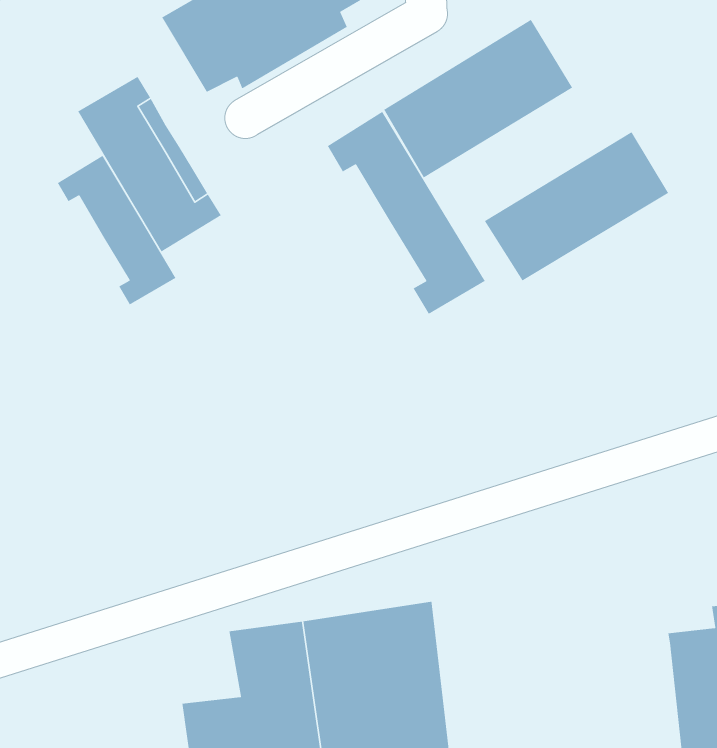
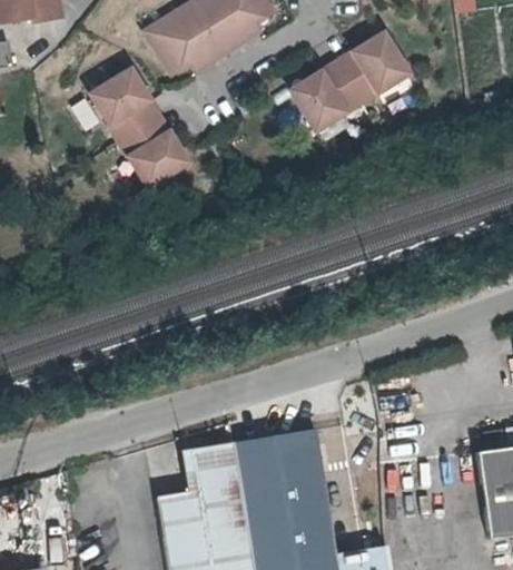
building: [327,111,486,315] -> none
building: [484,131,669,282] -> none
building: [57,155,177,306] -> none

